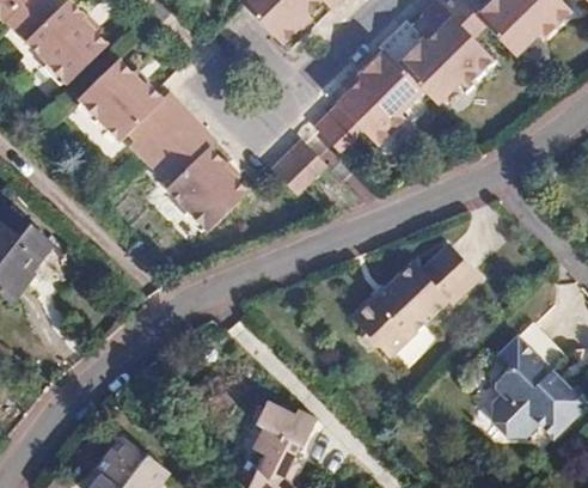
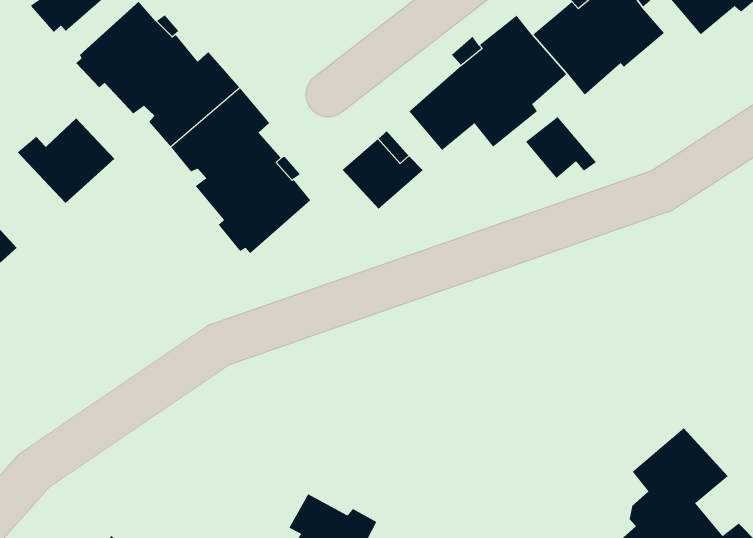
building: none -> [525,116,597,179]
building: none -> [17,118,115,204]
building: [351,249,478,360] -> none

